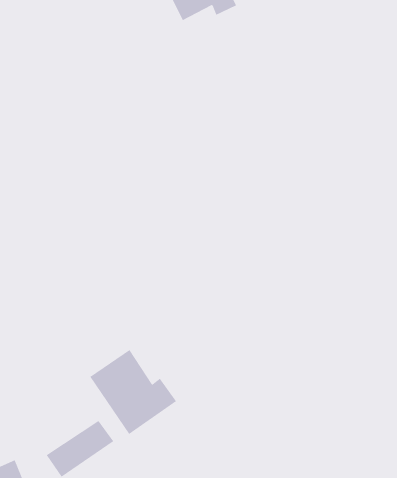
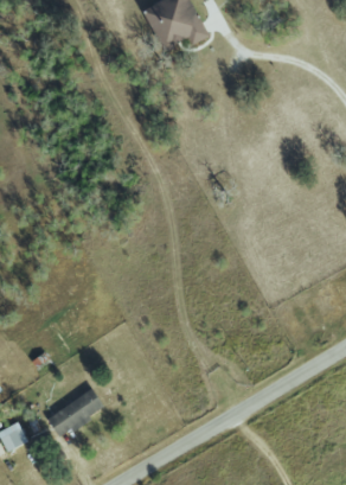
building: [89,349,177,435] -> none

